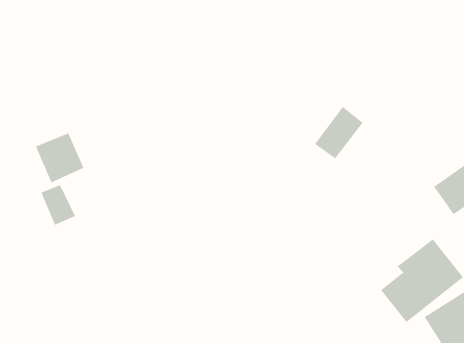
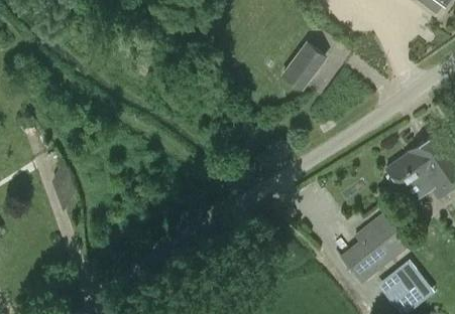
building: [314,106,364,159] -> [281,43,324,89]
building: [35,132,84,183] -> none

